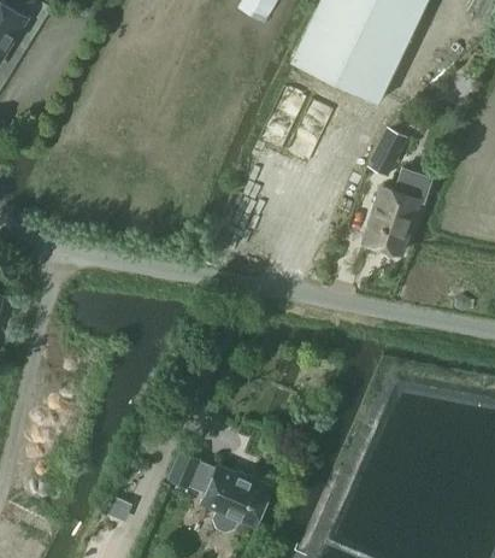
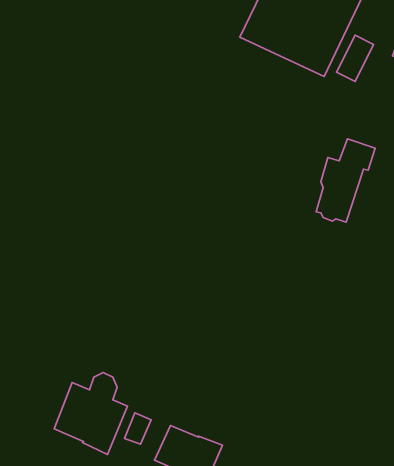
building: [367,128,406,176] -> [337,35,374,81]
building: none -> [54,373,127,455]

